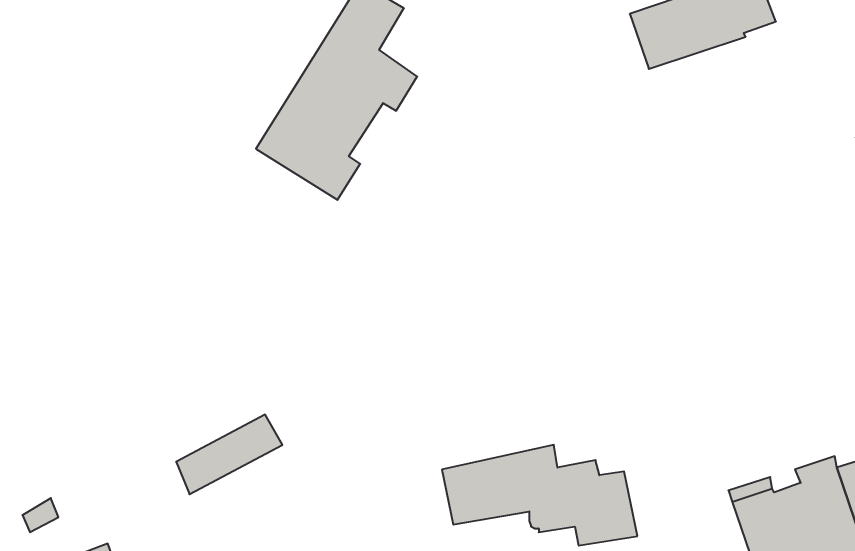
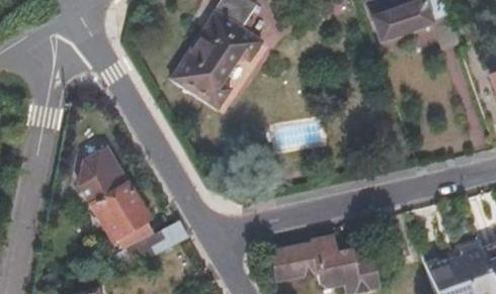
building: none -> [80,148,155,248]

